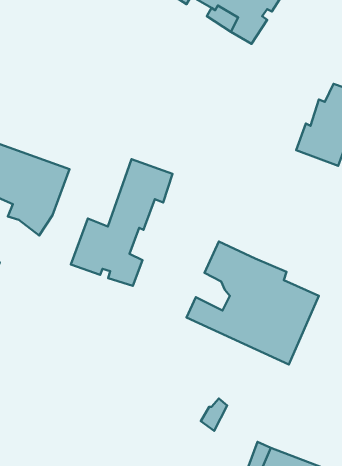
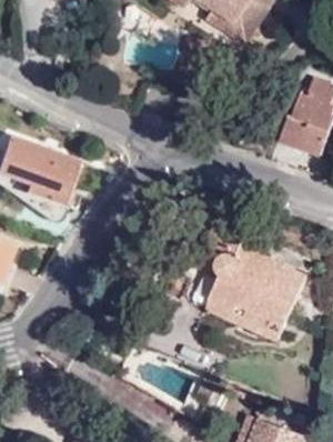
building: [71,159,172,286] -> none

